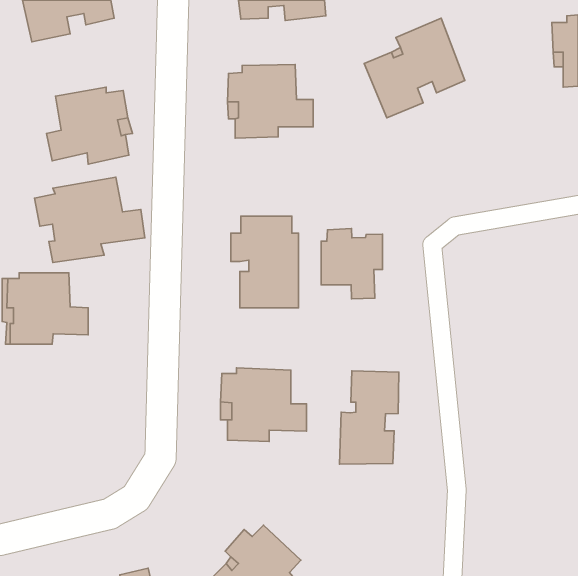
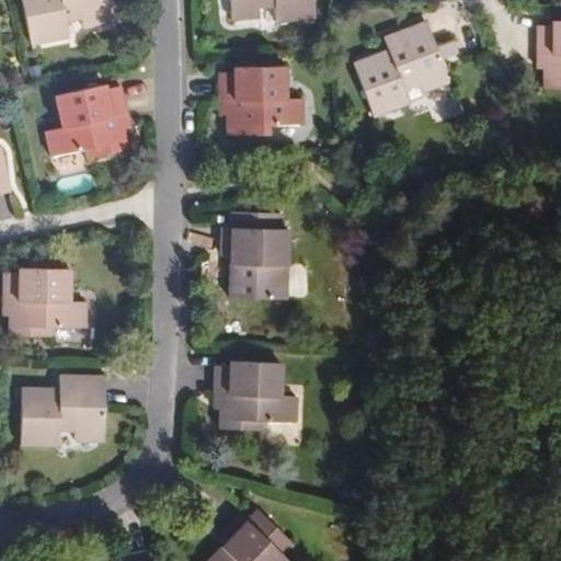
building: [34,177,145,262] -> none
building: [321,228,383,299] -> none
building: [339,371,399,464] -> none
building: none -> [22,374,106,445]

